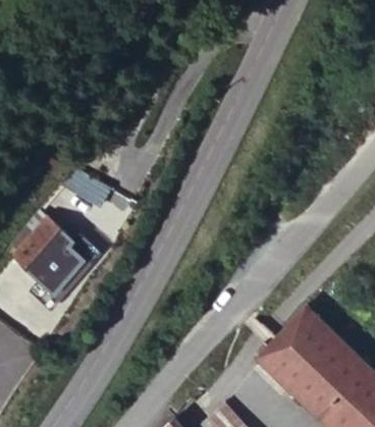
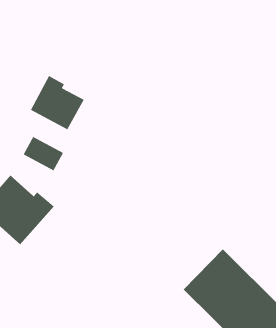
building: none -> [30,75,84,130]

